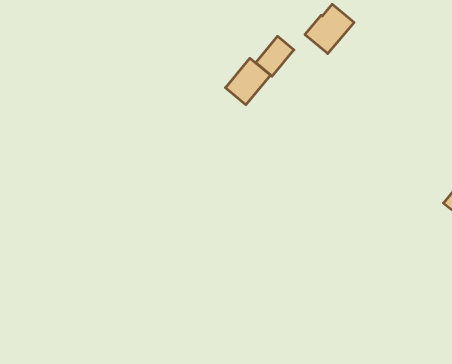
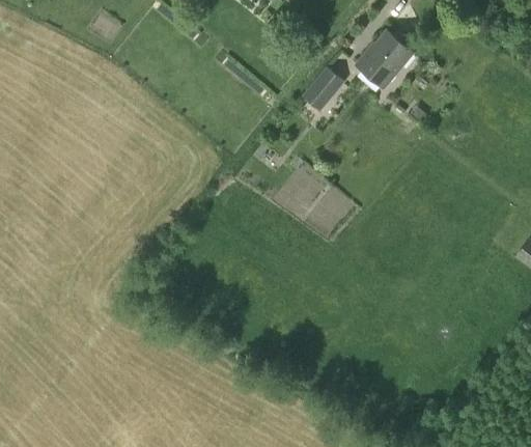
building: [225,58,270,105] -> none

